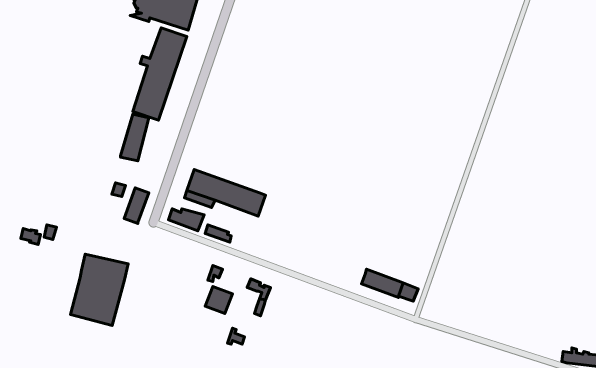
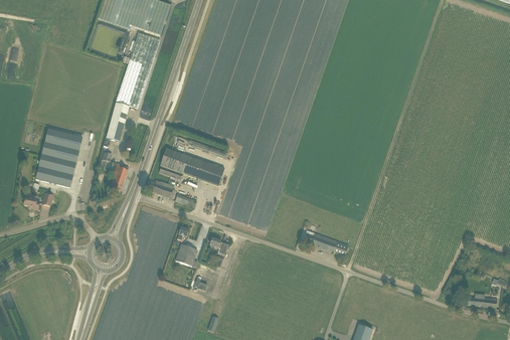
building: [70,254,128,325] -> [35,129,82,187]

